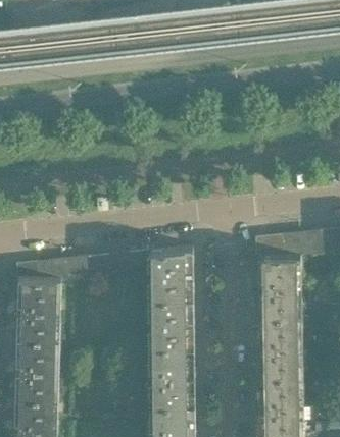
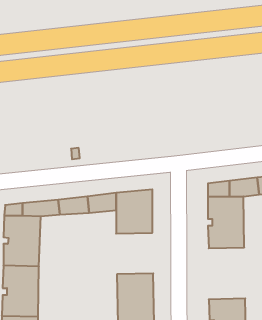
building: [150,296,194,345] -> none
building: [259,314,302,375] -> none

